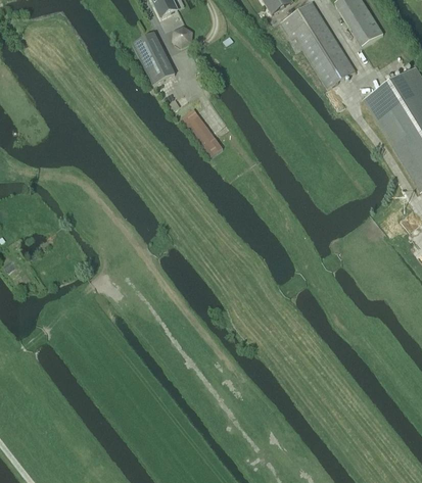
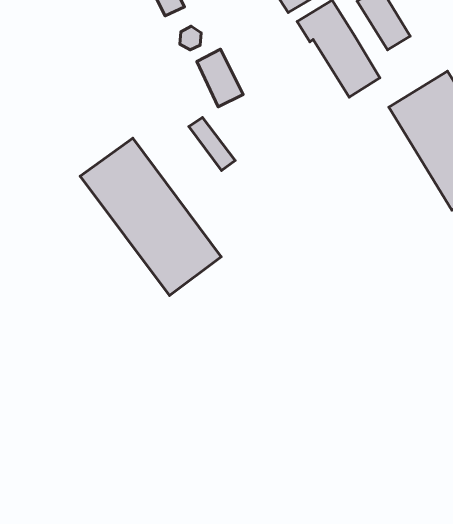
building: [132,31,174,83] -> [197,49,243,107]
building: none -> [80,138,221,295]

